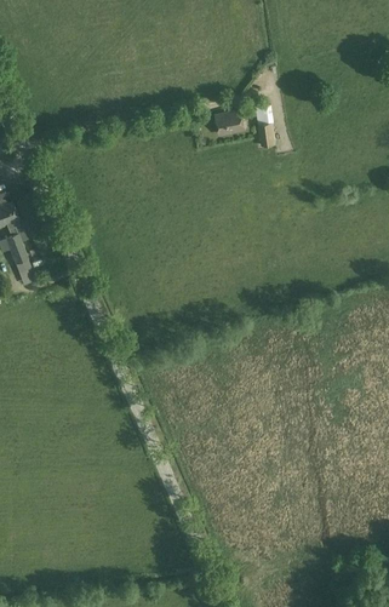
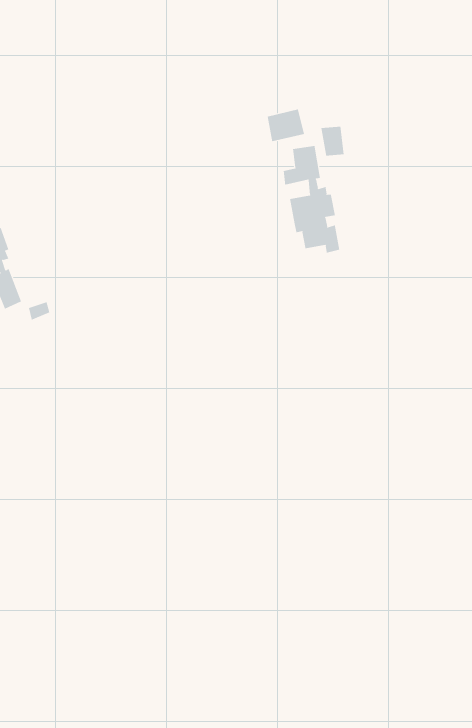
building: none -> [283,145,340,254]

